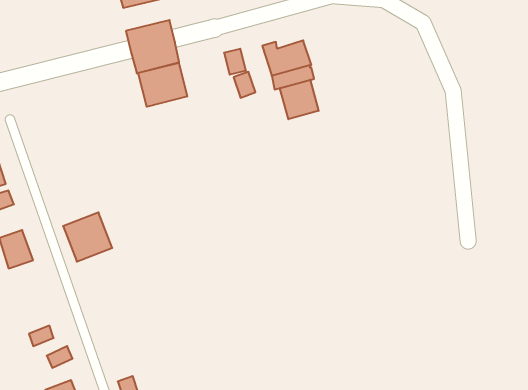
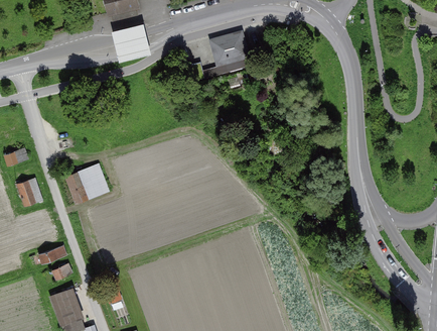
building: [138,63,187,107] -> none
building: [280,80,319,119] -> none

